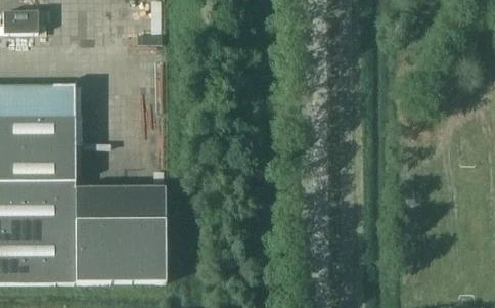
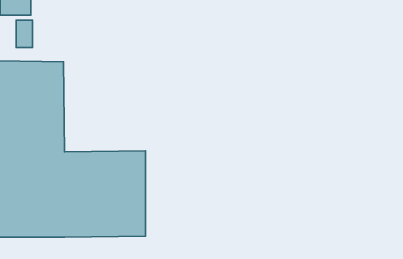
building: none -> [16,20,32,48]

